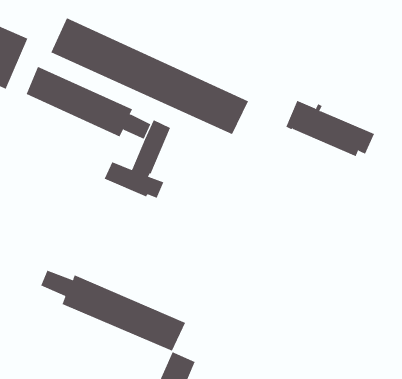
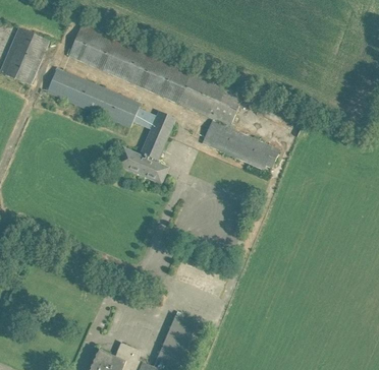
building: [285,100,375,157] -> [200,120,278,170]
building: [40,270,186,351] -> none

